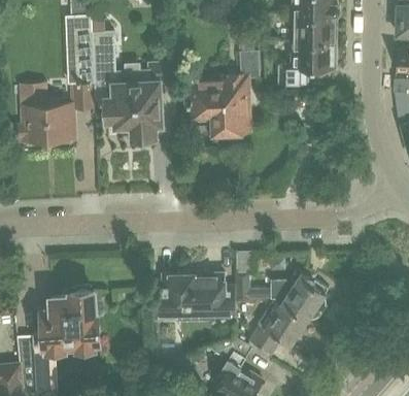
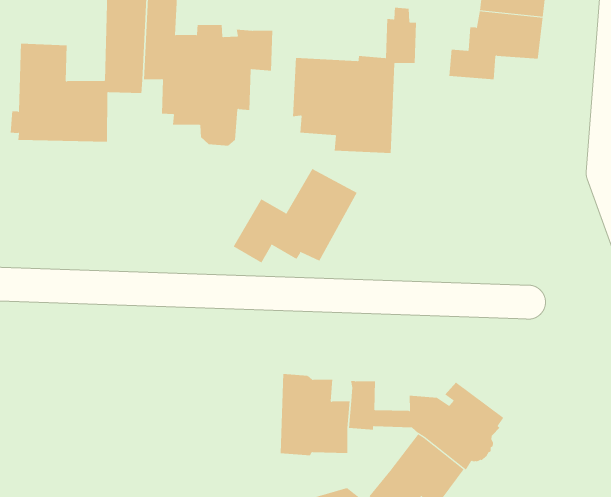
building: none -> [233,168,358,263]
building: [152,271,195,321] -> none
building: [34,291,100,349] -> none

